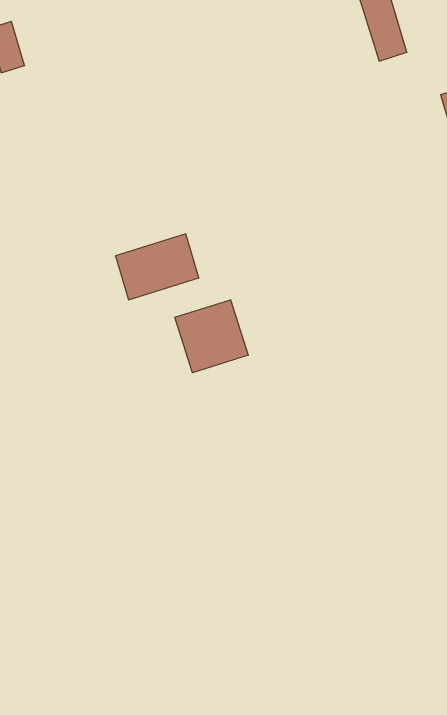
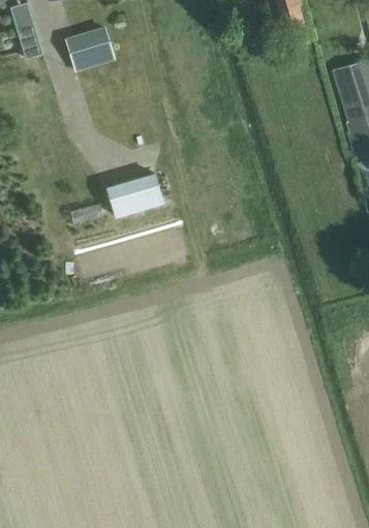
building: none -> [66,36,114,69]
building: [175,300,248,373] -> none

